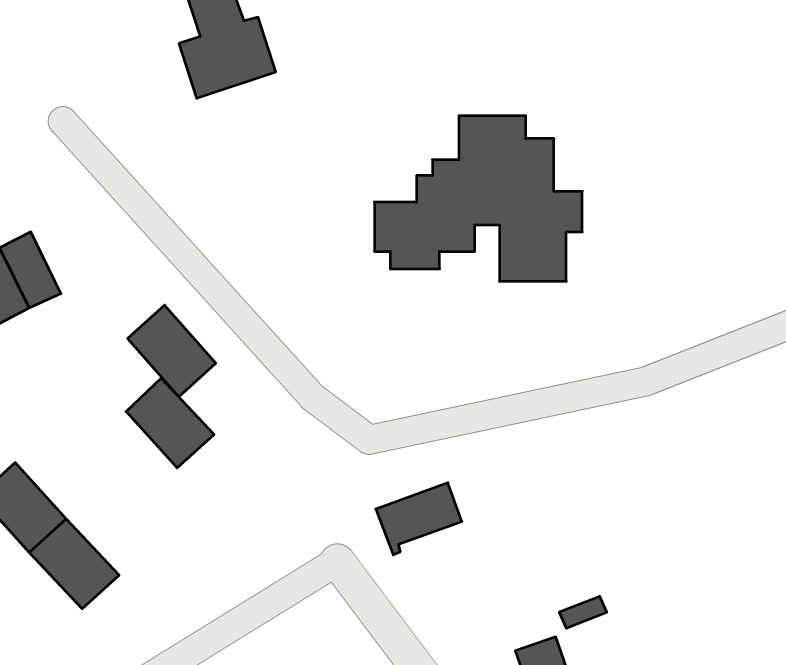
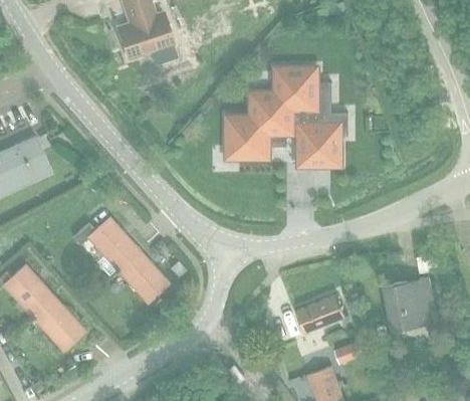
building: [128,305,216,397] -> [115,249,166,302]
building: none -> [384,276,437,330]
building: [376,483,462,555] -> [295,294,344,336]

